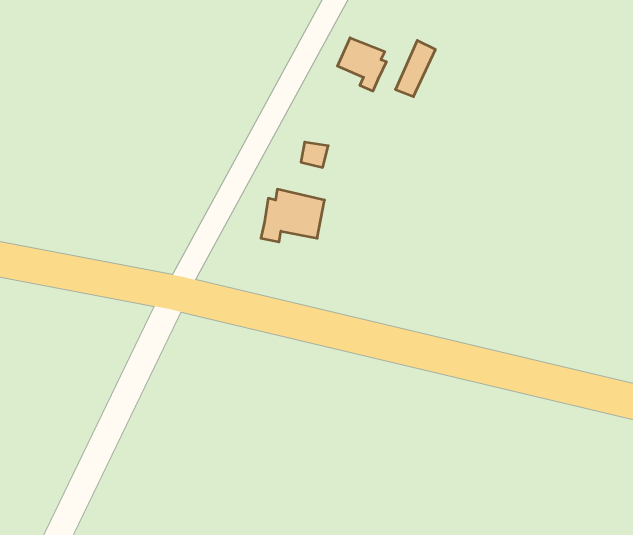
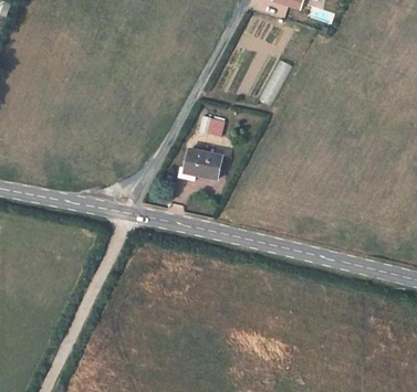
building: [337,38,386,91] -> none

